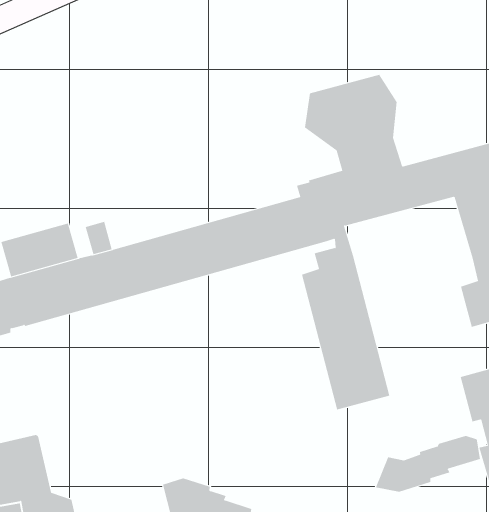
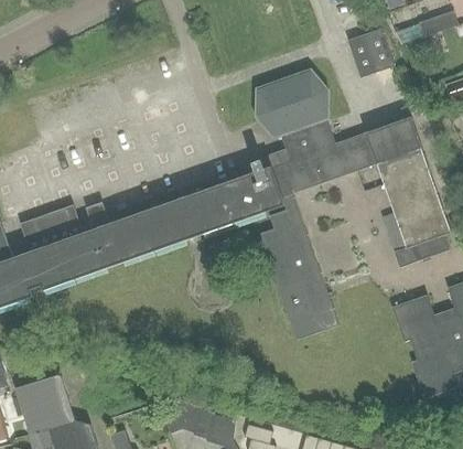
building: none -> [345,29,392,78]
building: [375,435,480,492] -> none

